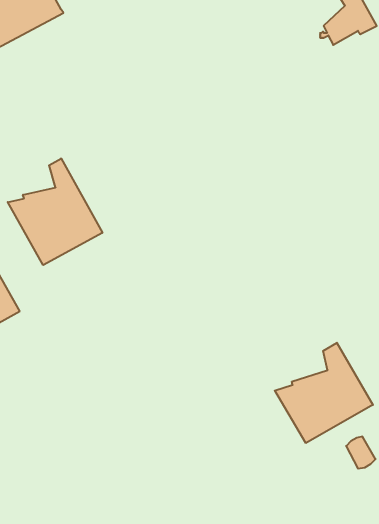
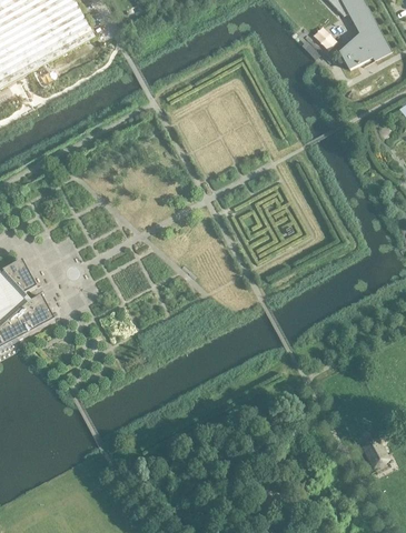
building: [8,158,102,265] -> none
building: [275,343,373,443] -> none

